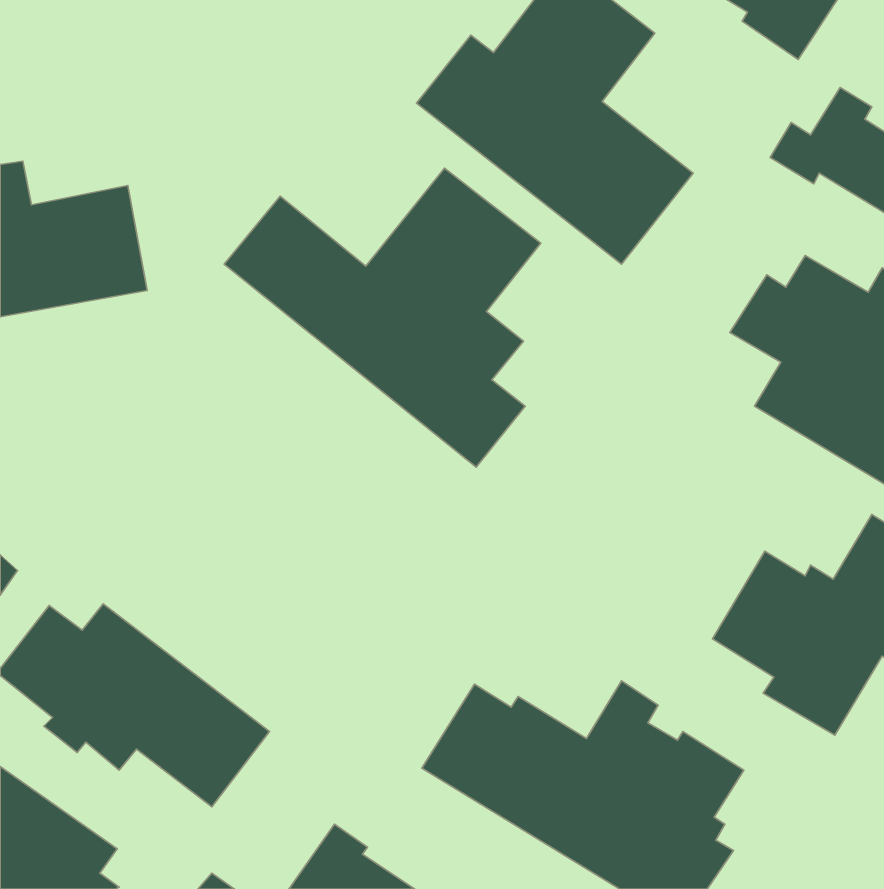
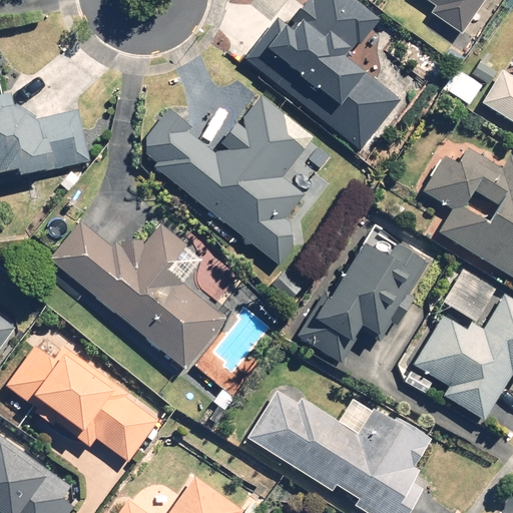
building: none -> [48,221,226,373]
building: none -> [298,222,423,367]
building: none -> [443,268,498,323]

